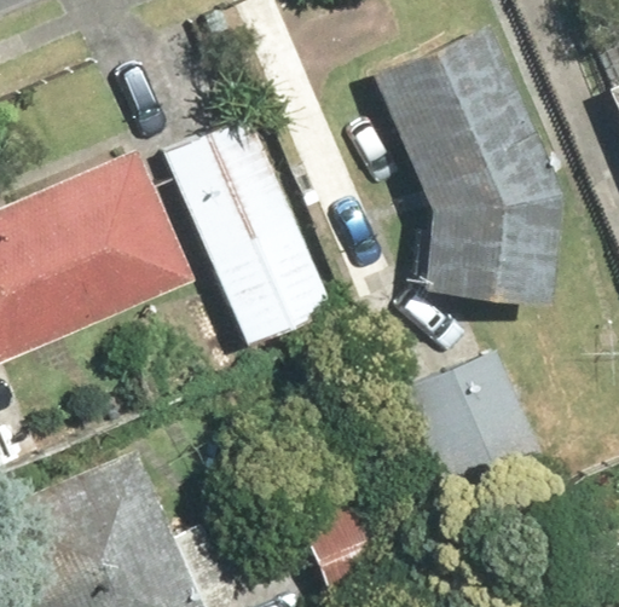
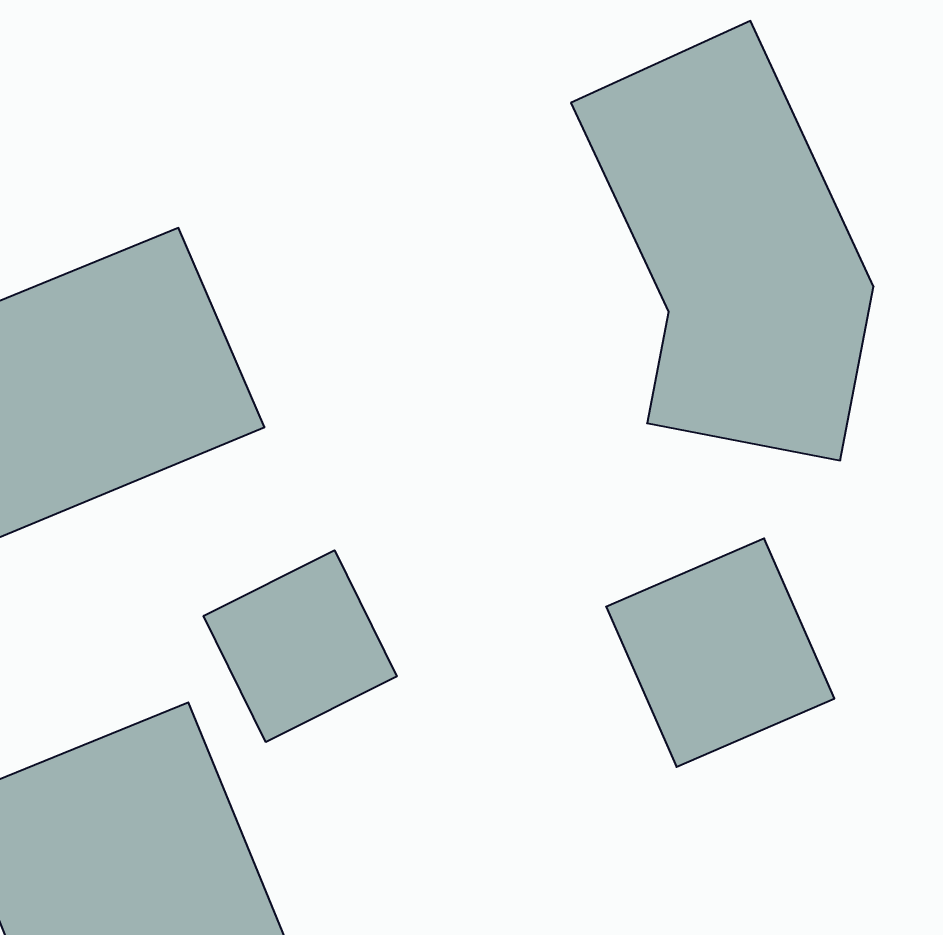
building: [151,114,337,351] -> none
building: none -> [204,550,397,742]

